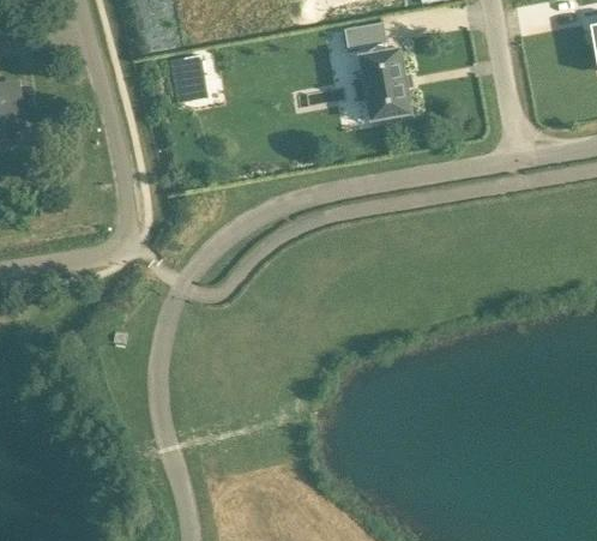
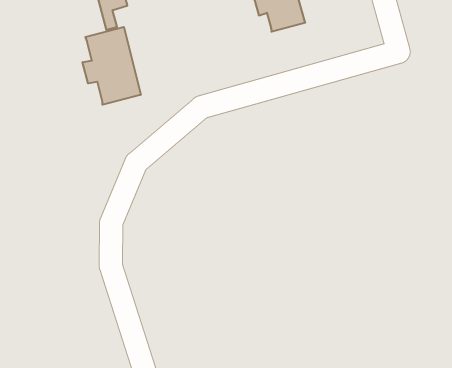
building: none -> [83,27,141,105]

